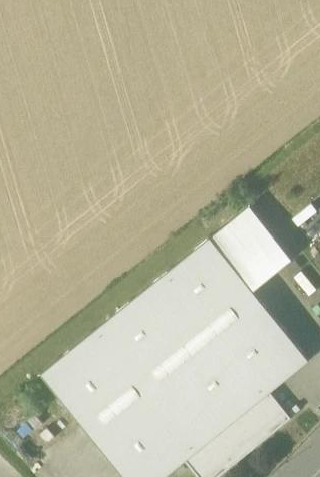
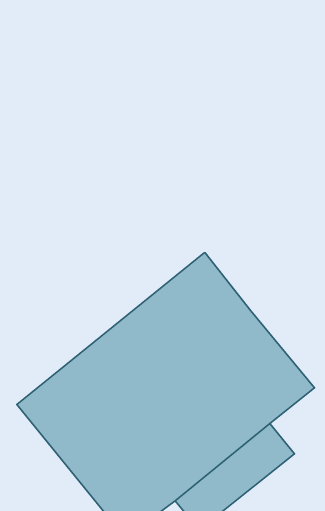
building: [210,208,290,292] -> none

